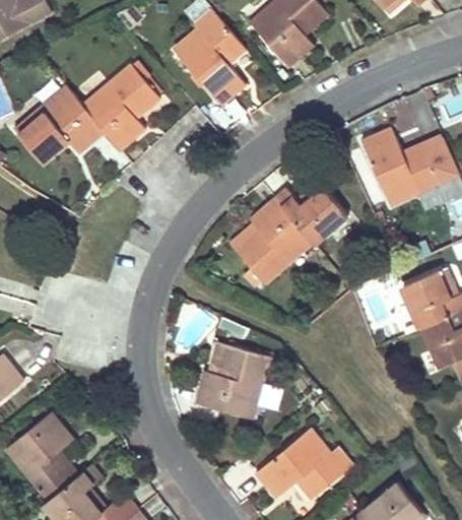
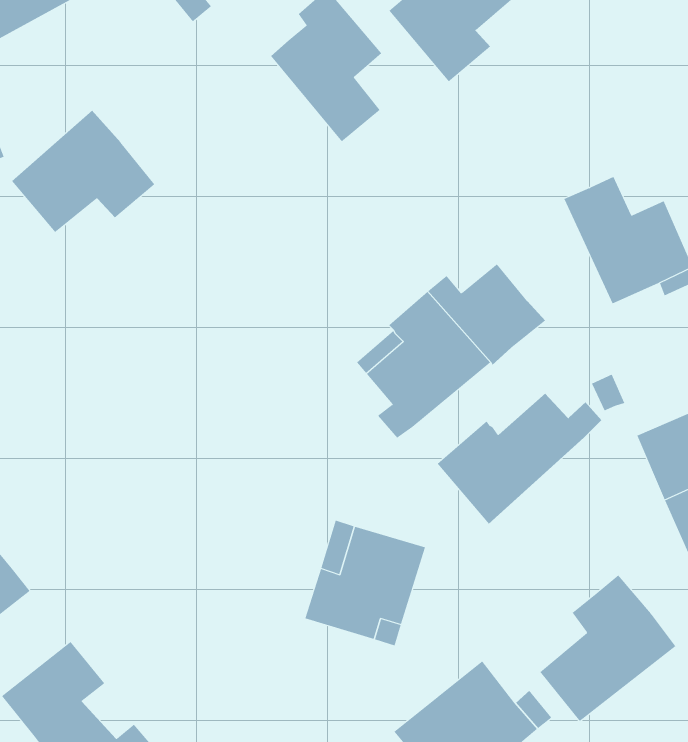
building: [82,59,159,148] -> none
building: none -> [437,393,602,524]
building: none -> [540,575,676,722]

